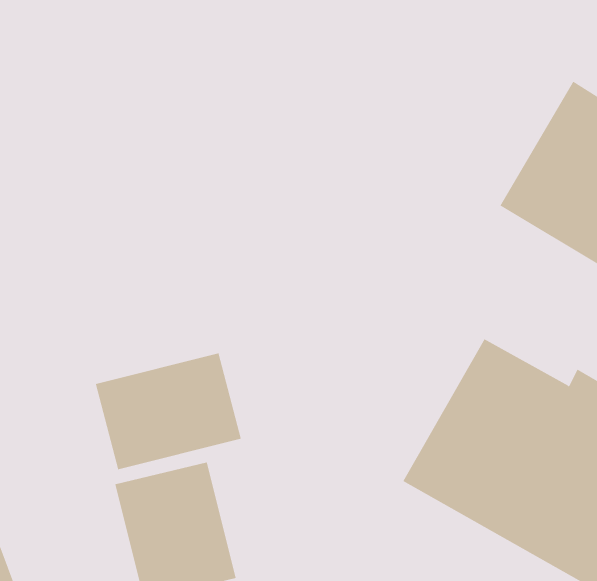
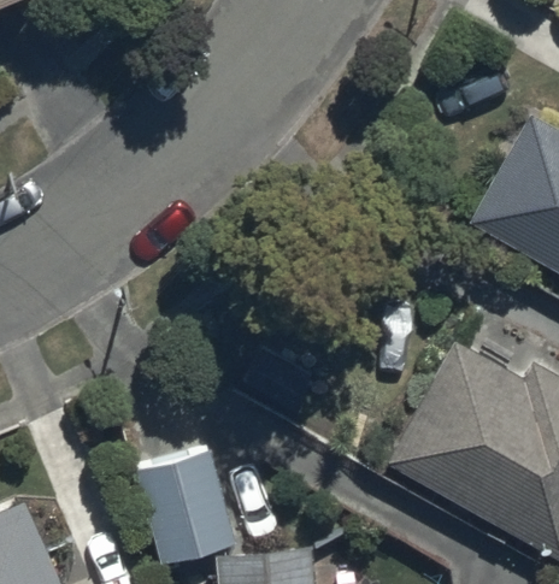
building: [95,353,242,470] -> none

